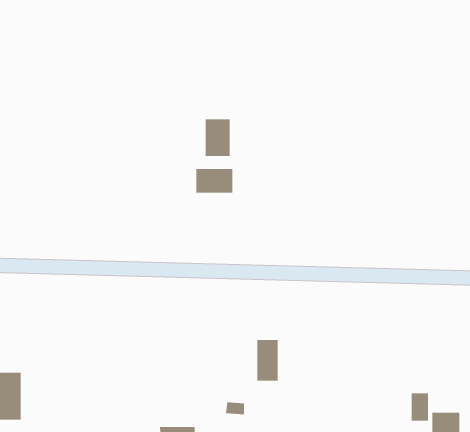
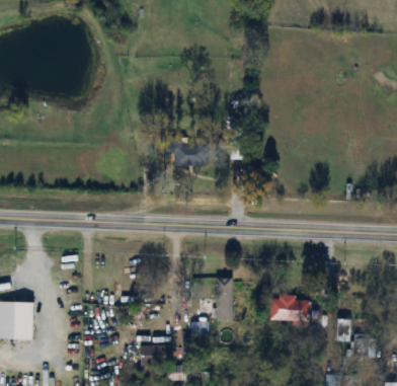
building: [205,119,230,157] -> none
building: none -> [269,298,308,321]

